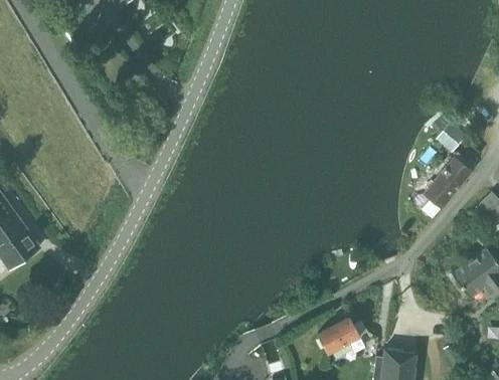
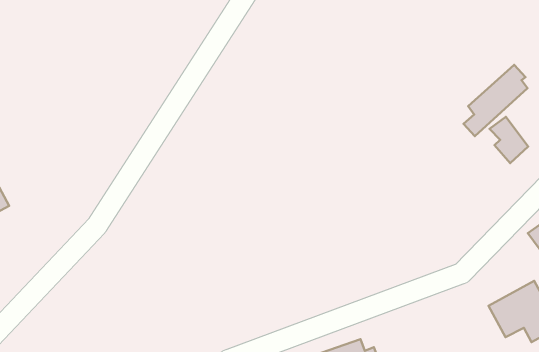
building: [422,153,471,217] -> [463,65,528,136]

